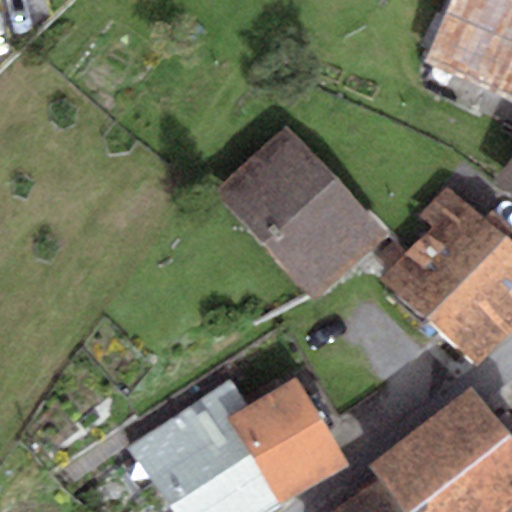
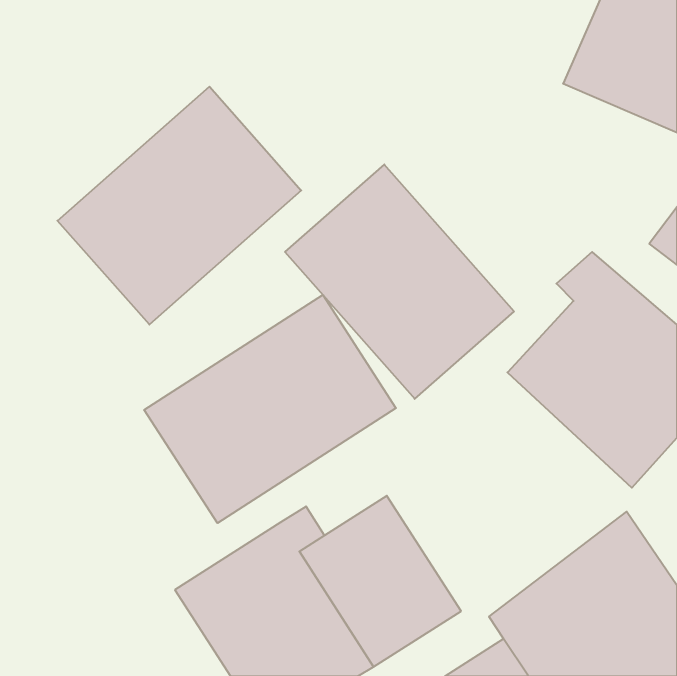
building: none -> [57,87,301,325]
building: none -> [144,295,396,523]

